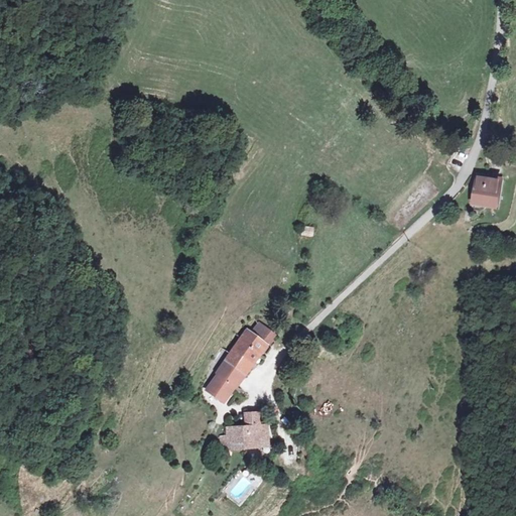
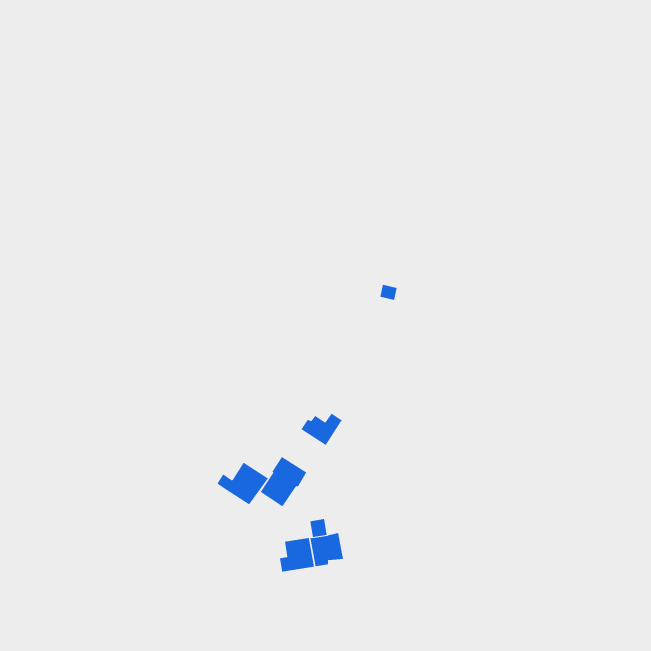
building: [477,177,502,205] -> none
building: [217,340,258,374] -> [216,462,269,505]

